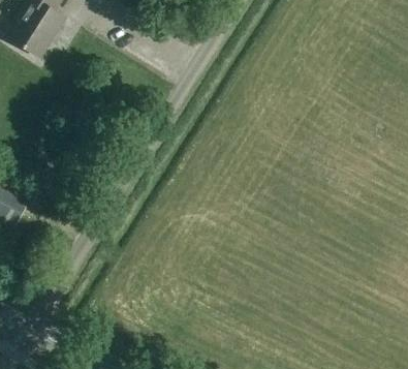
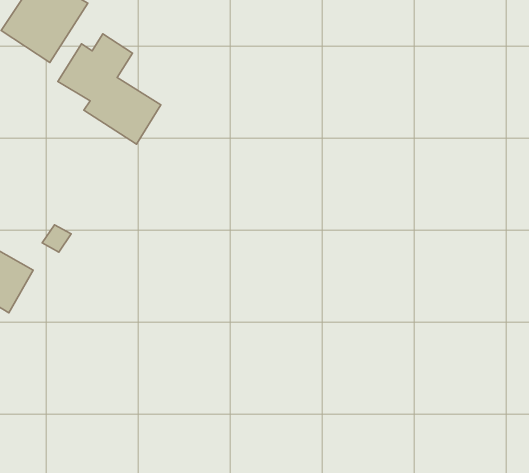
building: none -> [58,34,161,144]

